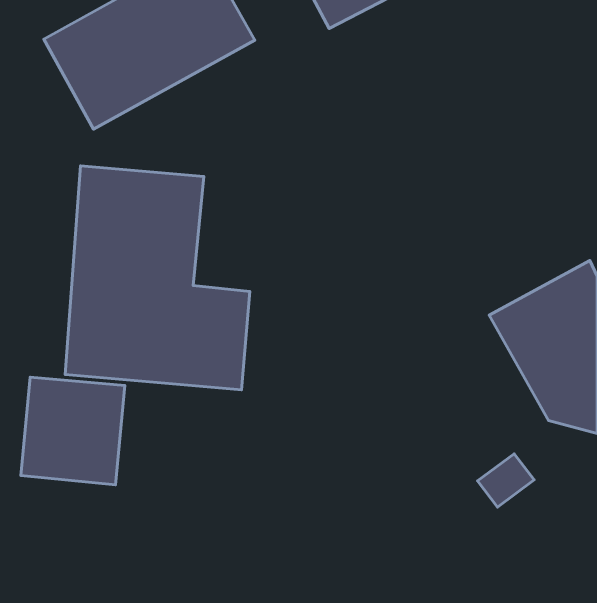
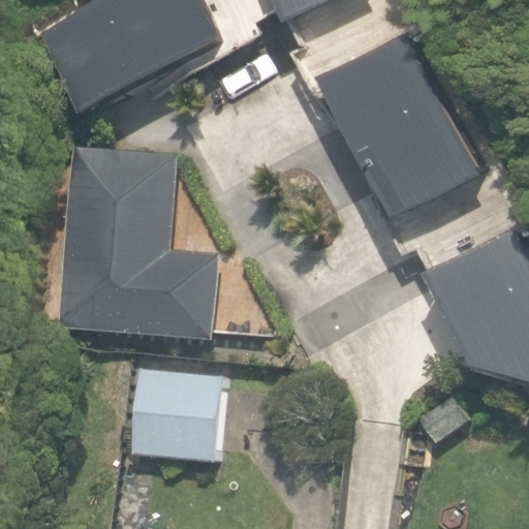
building: none -> [318,33,481,220]
building: [21,377,125,485] -> [132,369,223,463]

